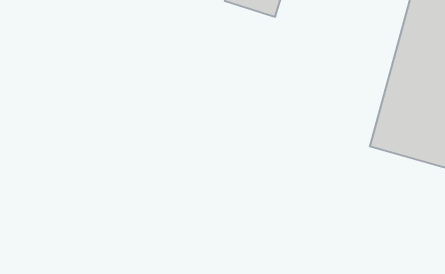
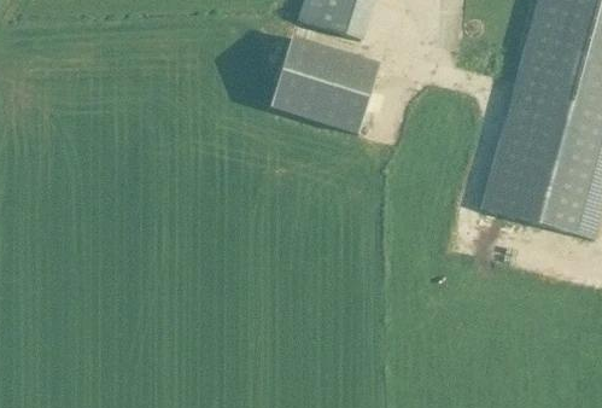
building: none -> [271,36,381,133]

